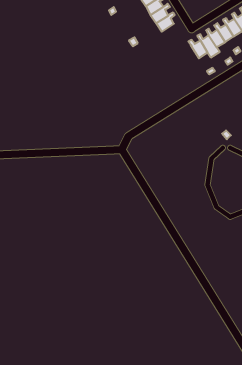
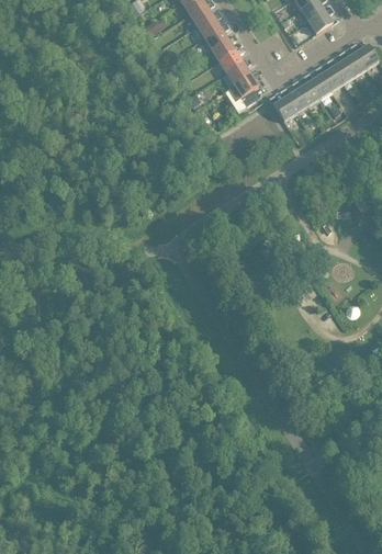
building: none -> [229,68,259,101]

